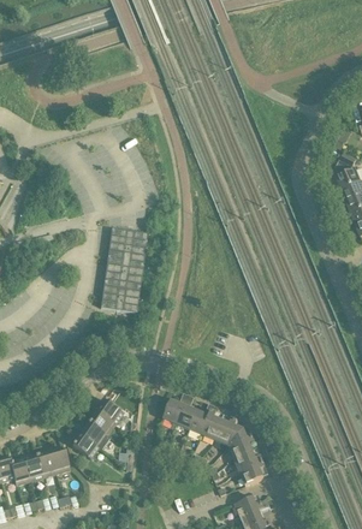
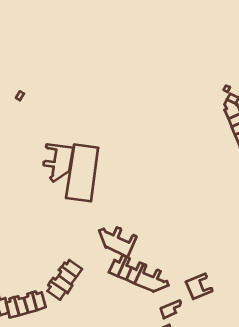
building: none -> [44,144,73,182]
building: none -> [99,227,136,257]
building: [231,434,271,471] -> [186,274,212,299]

